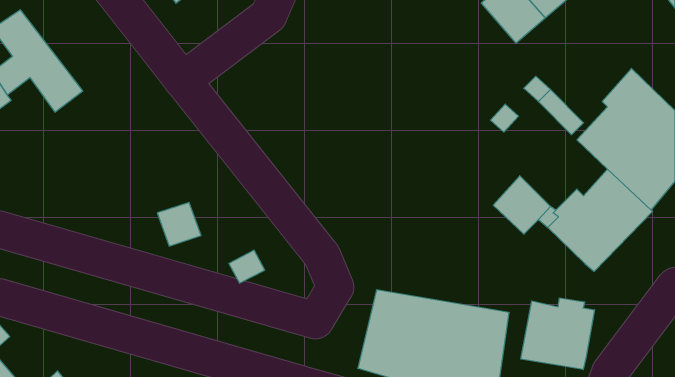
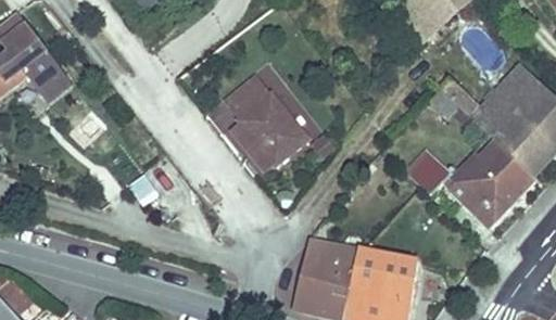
building: none -> [213,66,318,172]
building: [521,298,594,370] -> none

